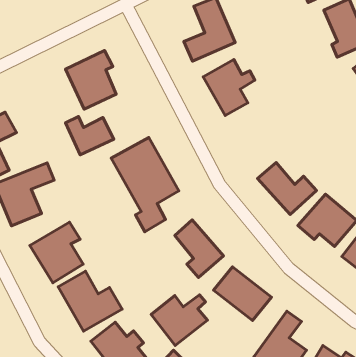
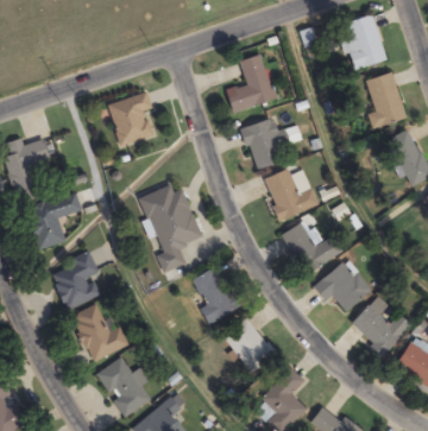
building: none -> [263,167,321,222]
building: [65,117,114,155] -> none
building: [151,295,207,345] -> none

